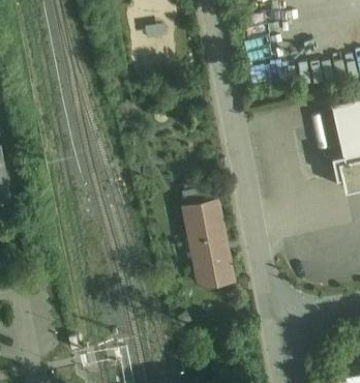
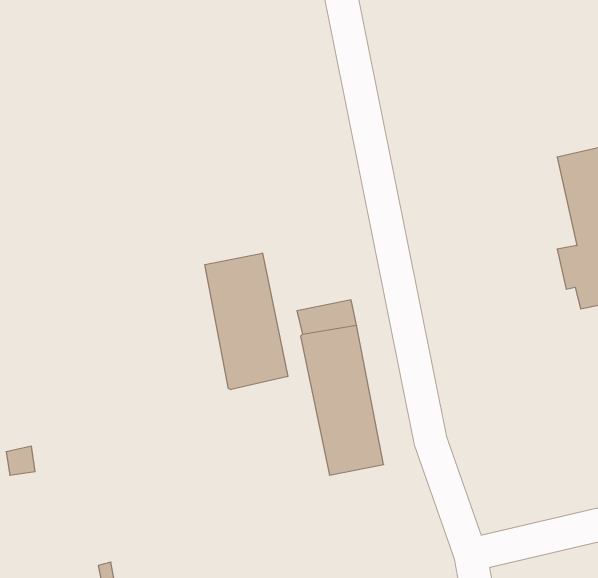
building: none -> [205,253,288,390]

